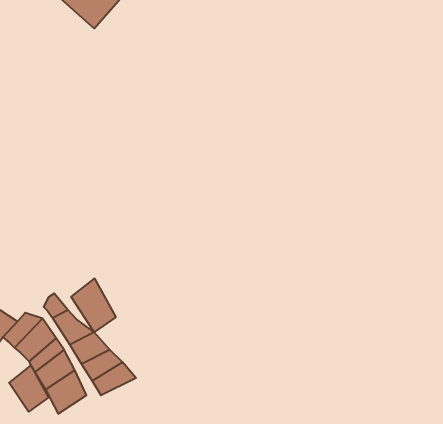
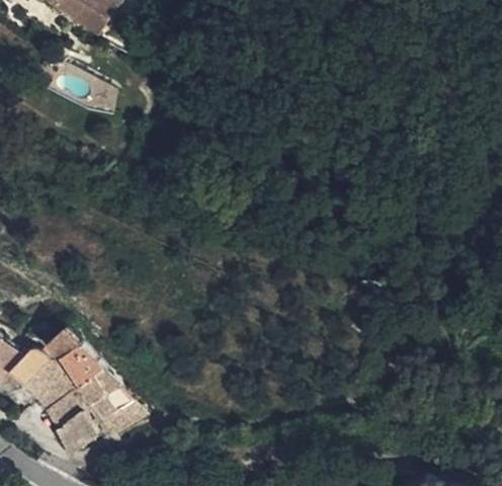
building: [71,278,116,332] -> none
building: [9,365,49,412] -> none

